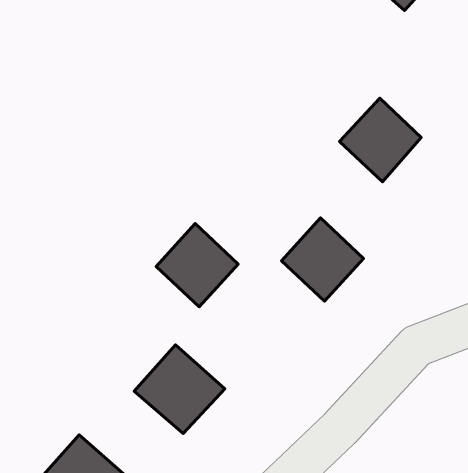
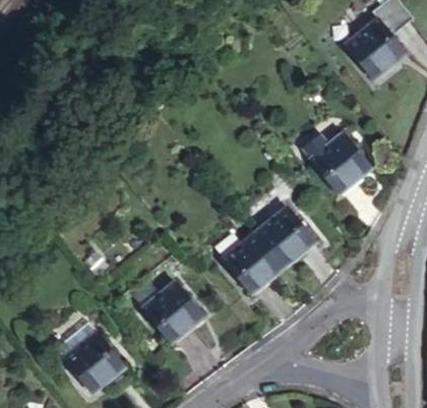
building: [156,224,238,307] -> [226,235,283,293]

